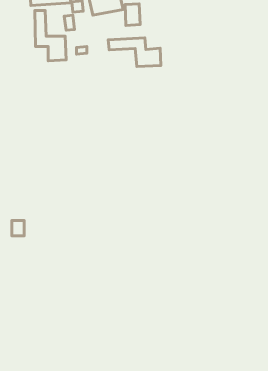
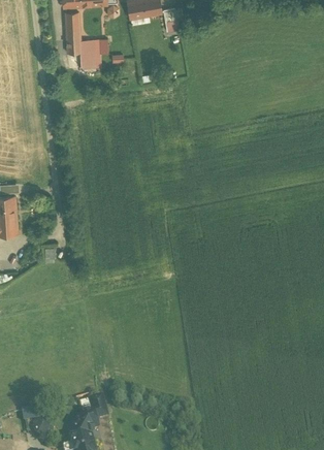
building: [108,38,161,66] -> none

